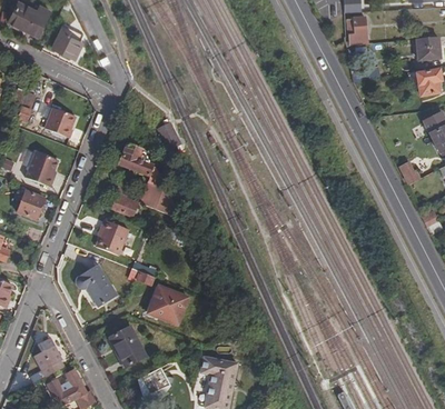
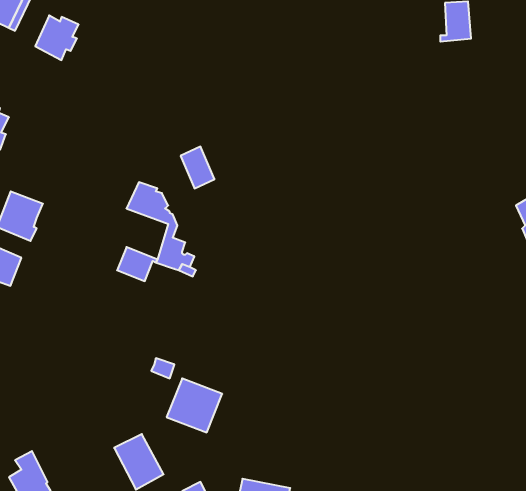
building: [44,108,76,138] -> none
building: [95,219,128,256] -> none
building: [76,266,115,306] -> none

